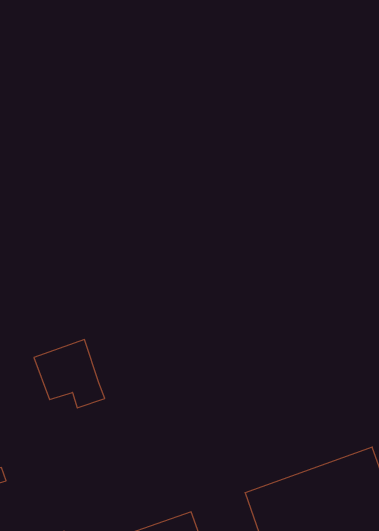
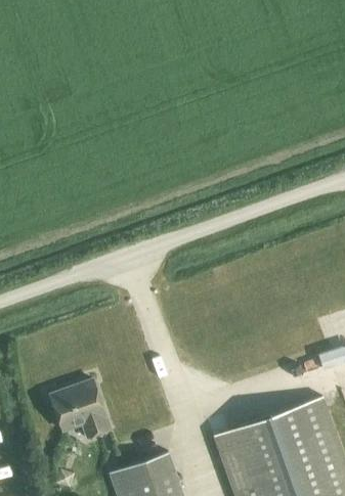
building: [34,340,105,408] -> [50,380,111,439]

